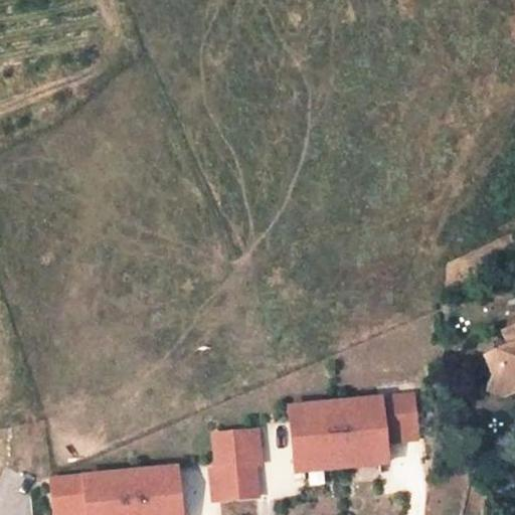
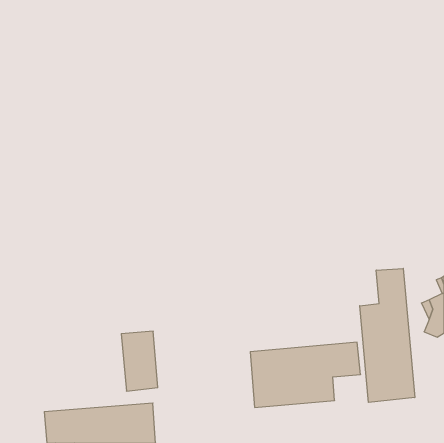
building: none -> [360,268,415,402]
building: [214,431,256,500] -> [121,331,158,391]

